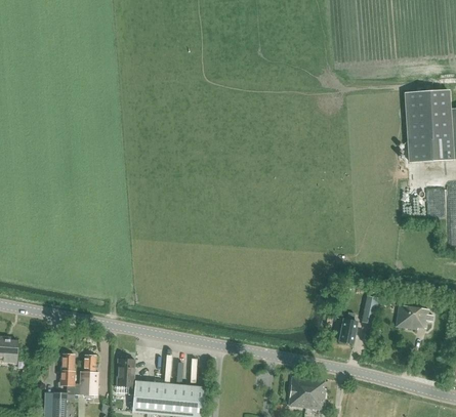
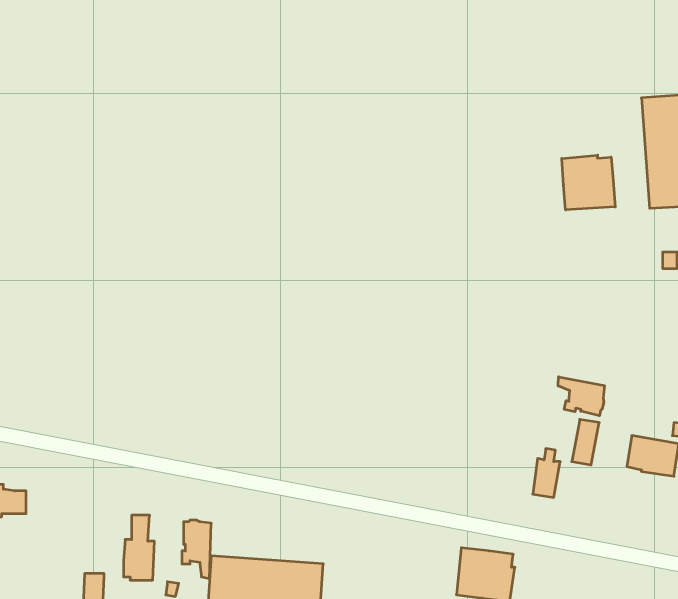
building: none -> [562,155,615,210]
building: none -> [558,377,604,416]
building: [59,352,79,393] -> none

